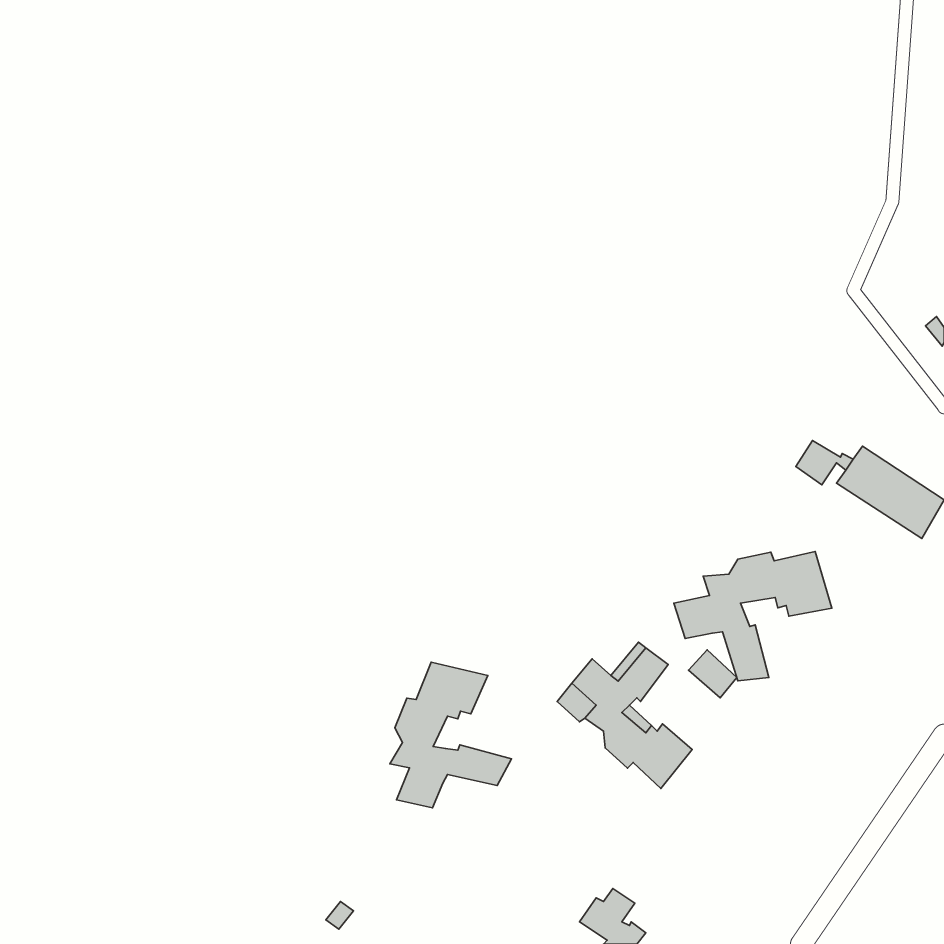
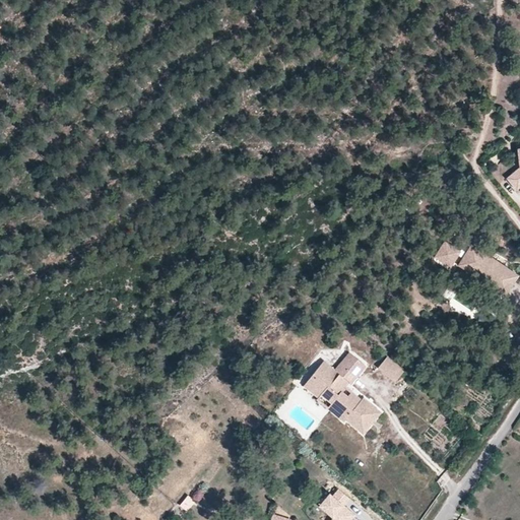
building: [674,552,832,681] -> none
building: [390,662,512,808] -> none

